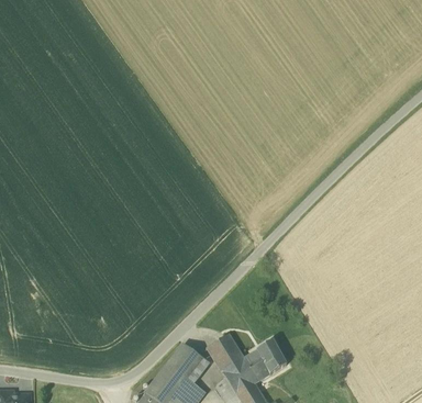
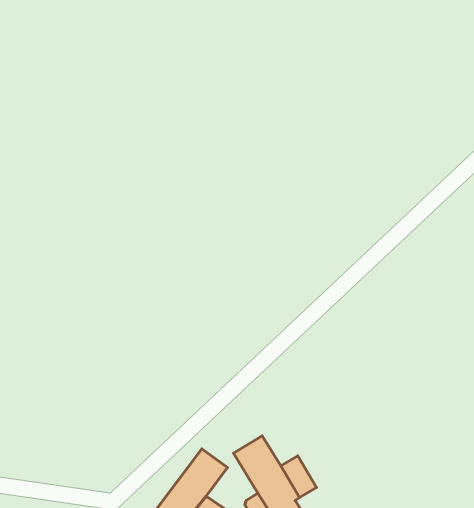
building: [256,340,286,373] -> none

